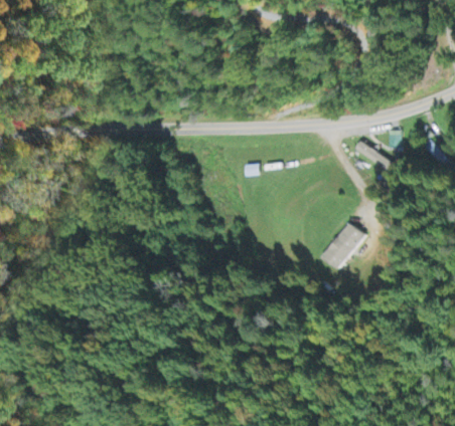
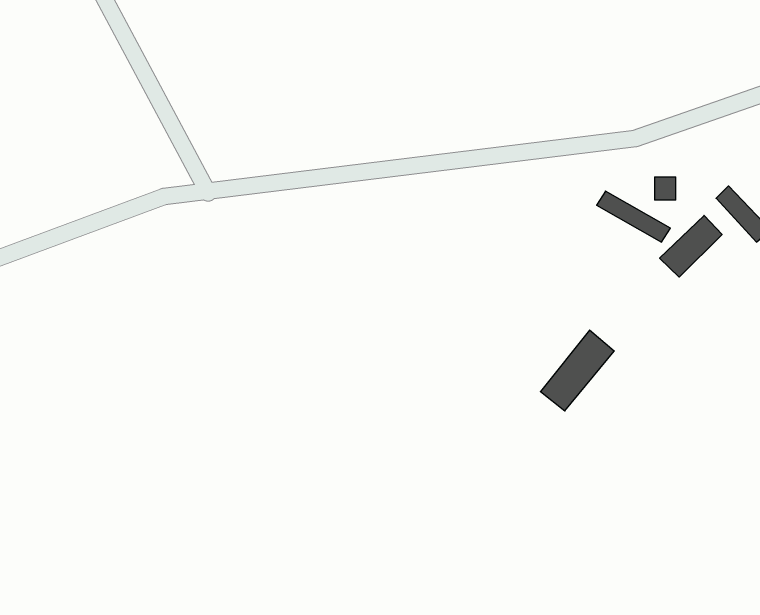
building: none -> [660,215,722,277]

